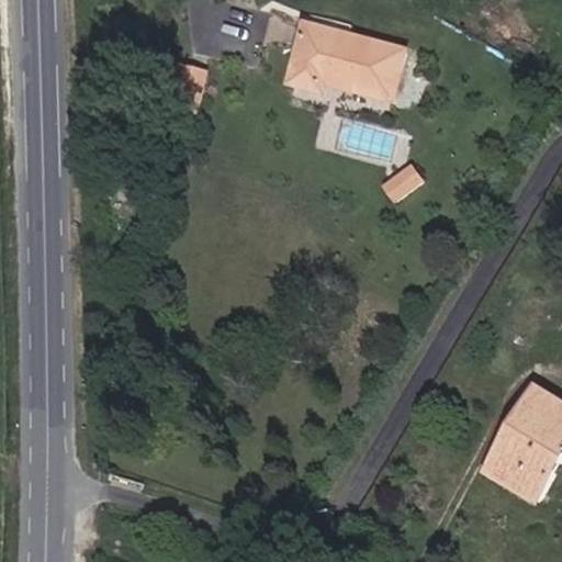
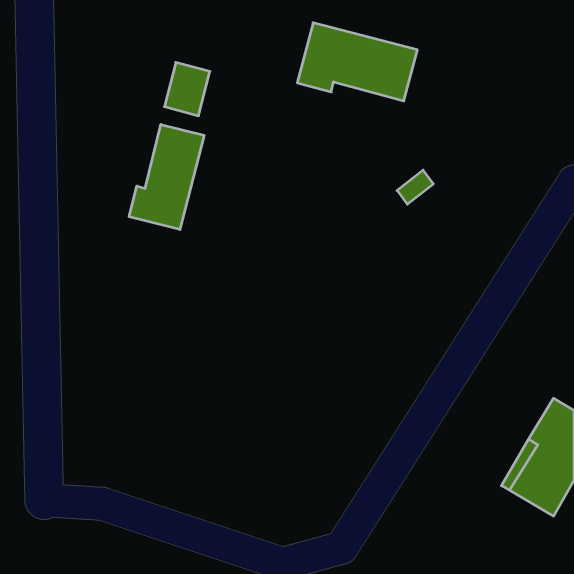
building: none -> [129,124,204,230]

